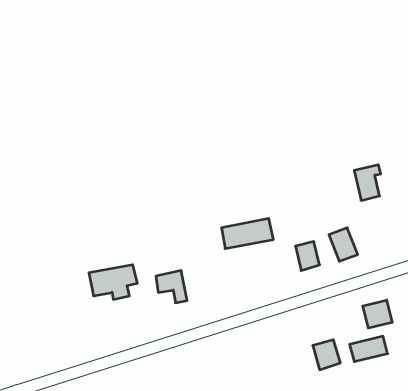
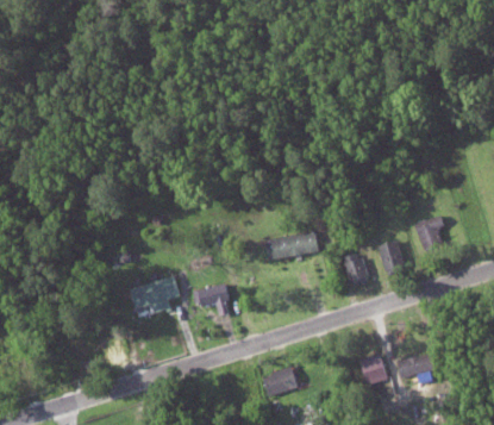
building: [354,165,381,200] -> [417,215,444,252]
building: [363,300,392,328] -> none
building: none -> [261,365,298,396]

